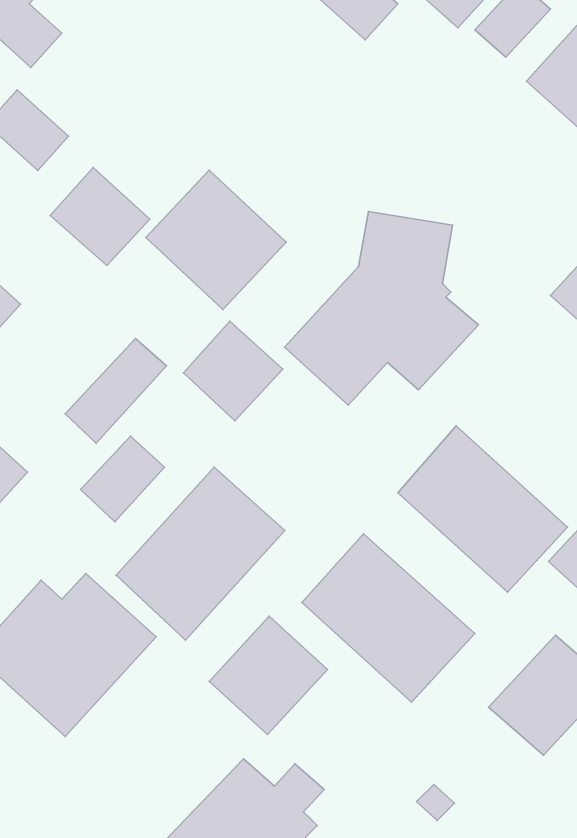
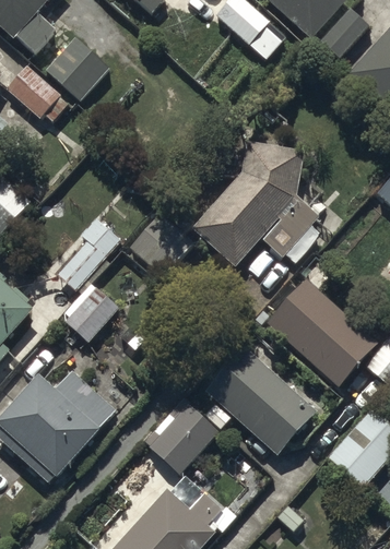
building: [50,168,150,265] -> [46,38,109,100]
building: [146,170,286,309] -> none
building: [116,467,285,640] -> none

